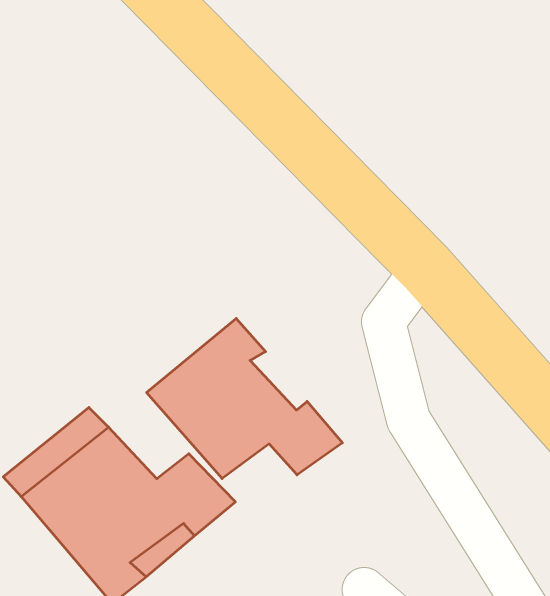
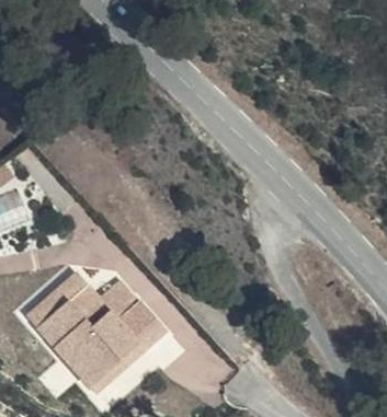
building: [147,318,342,479] -> none

